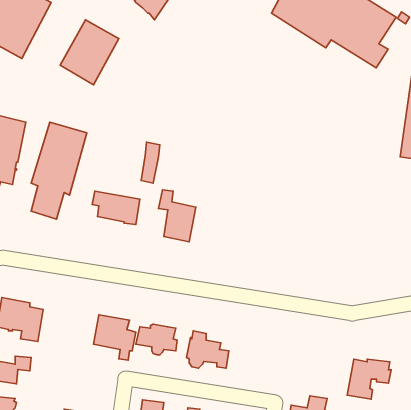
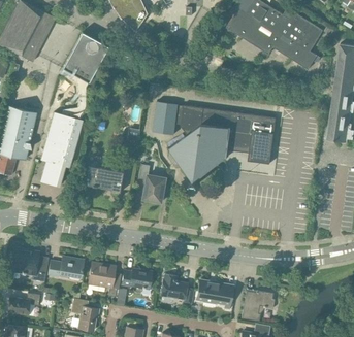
building: none -> [153,102,276,186]
building: none -> [47,257,84,278]
building: none -> [196,280,232,309]
building: [347,359,391,399] -> [240,291,275,322]
building: none -> [71,299,99,331]

